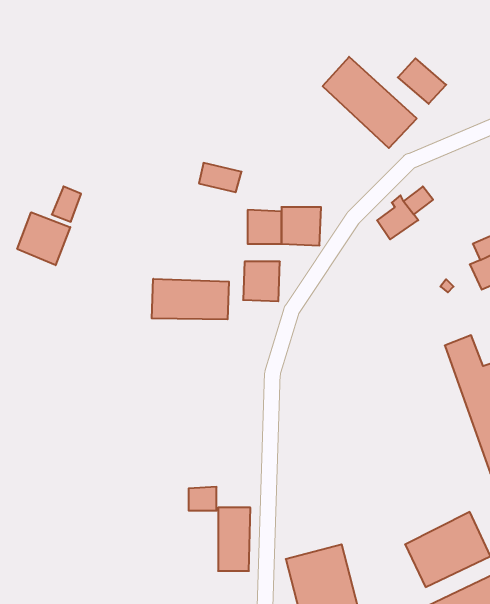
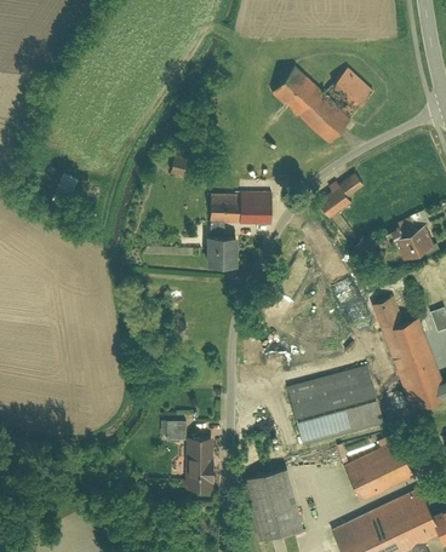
building: [17,212,70,265] -> none
building: [152,279,229,319] -> none
building: none -> [286,367,381,445]

